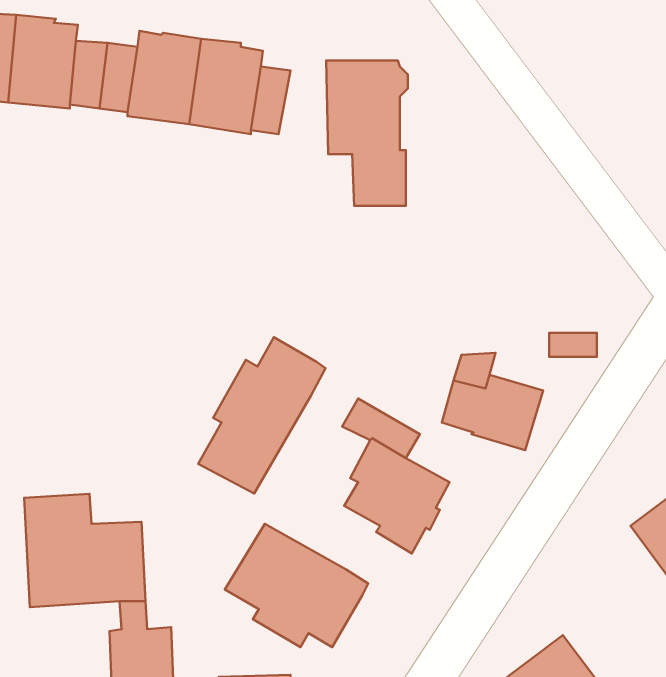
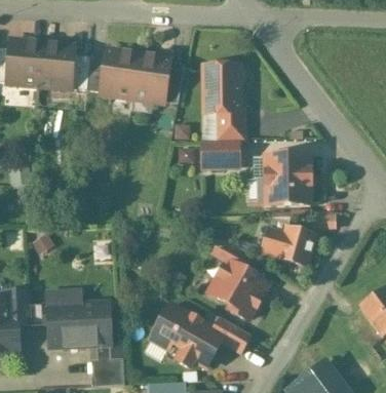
building: none -> [202,140,237,166]
building: none -> [265,155,309,203]
building: [198,337,325,494] -> none
building: none -> [213,317,250,352]

